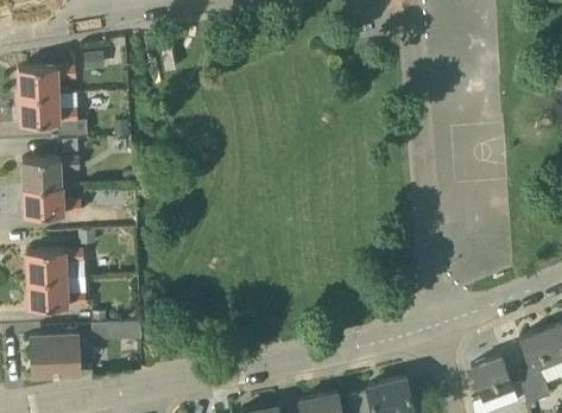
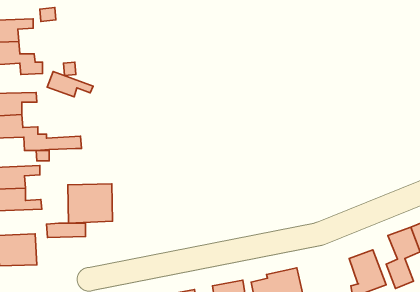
building: none -> [47,71,93,97]
building: none -> [68,184,112,223]

